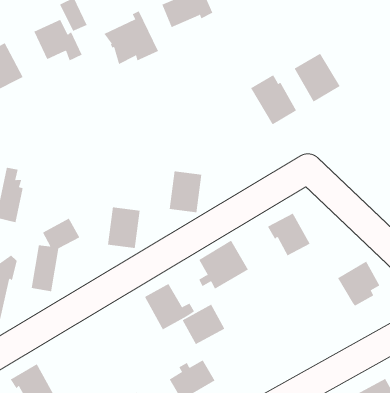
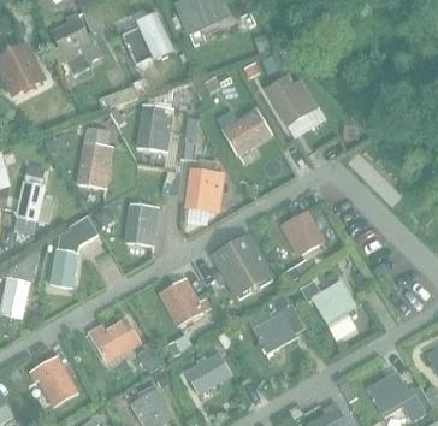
building: [294,53,340,103] -> none
building: none -> [138,90,171,150]
building: none -> [217,111,271,155]
building: none -> [78,129,112,188]
building: [337,261,380,307] -> [313,282,355,326]
building: [182,304,225,345] -> [254,313,296,353]
building: none -> [90,318,138,359]

